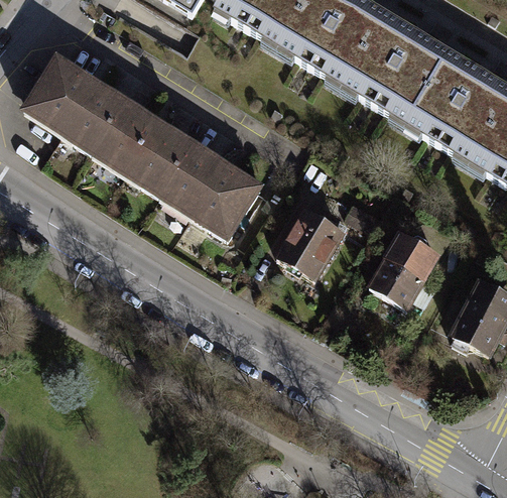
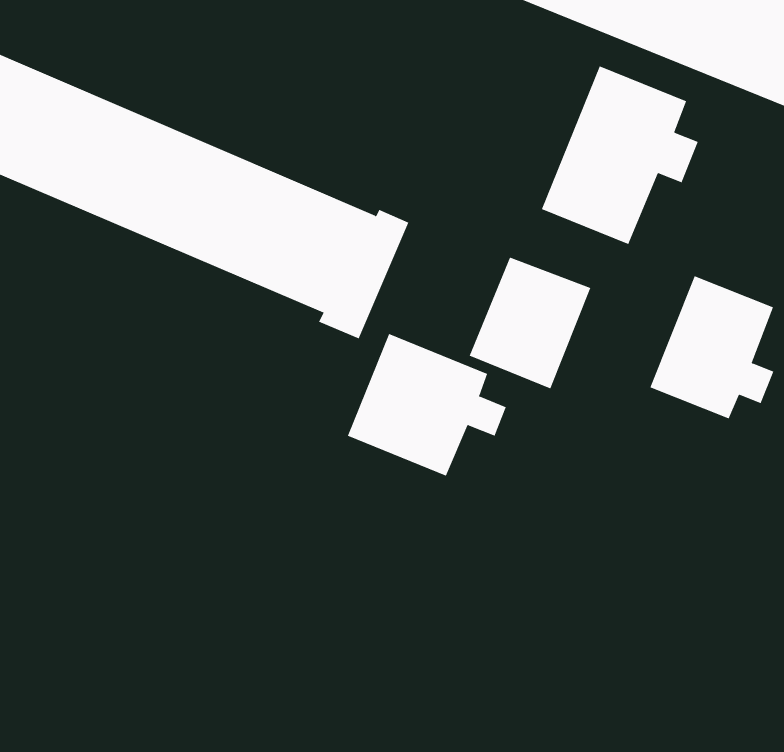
building: none -> [541,65,699,245]
building: none -> [347,333,507,476]

